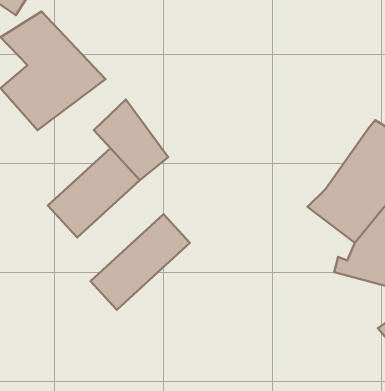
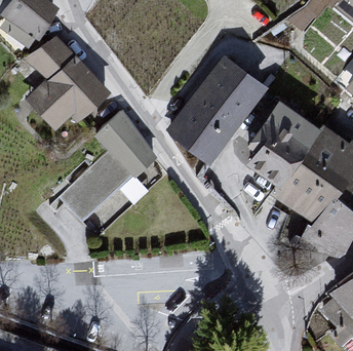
building: none -> [164,56,268,166]
building: none -> [248,104,321,180]
building: [91,214,190,310] -> none

